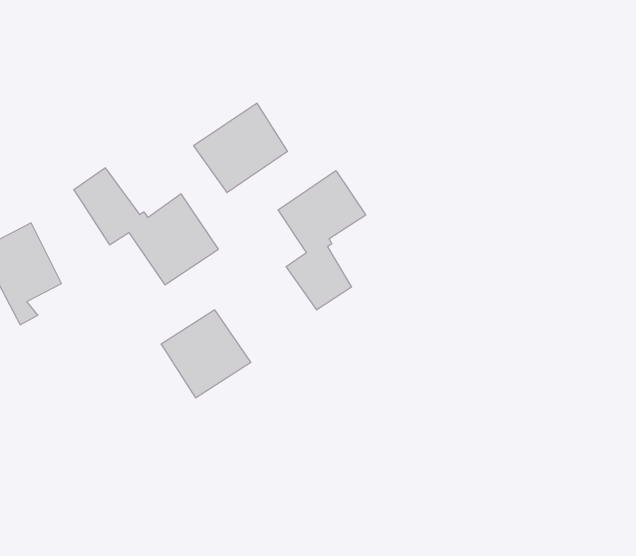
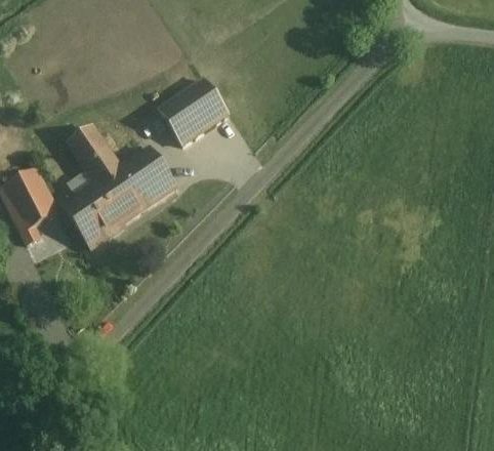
building: [278,171,366,310] -> none
building: [161,310,251,398] -> [69,175,135,241]

